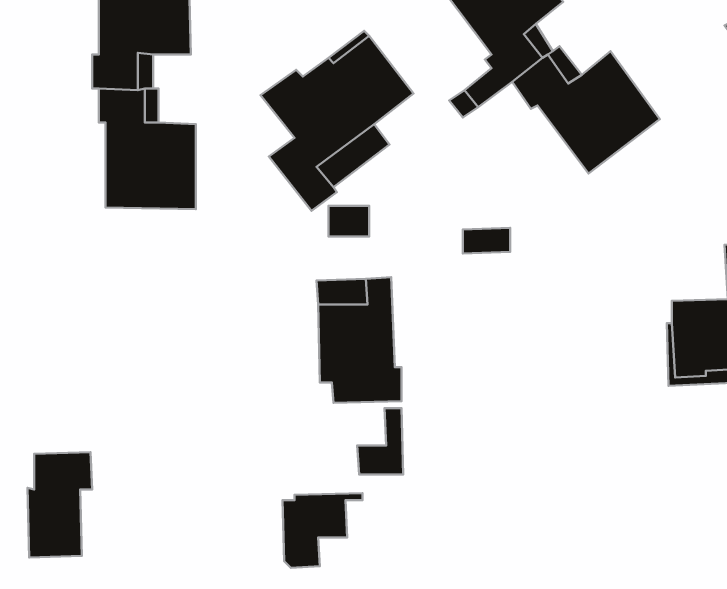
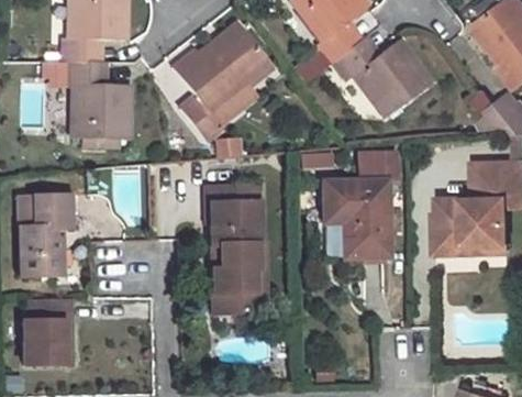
building: none -> [322,153,397,257]
building: none -> [18,195,75,276]
building: [282,493,362,568] -> [212,265,264,313]

